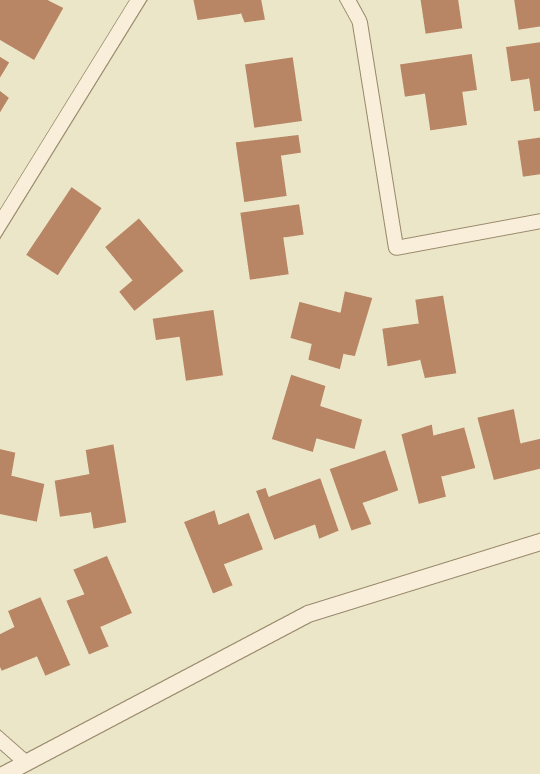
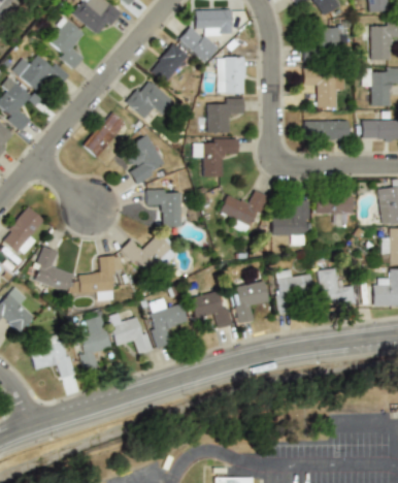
building: none -> [178,27,219,63]
building: none -> [150,43,191,86]
building: none -> [125,77,172,121]
building: none -> [304,121,349,139]
building: none -> [316,195,353,223]
building: [271,374,363,453] -> none
building: none -> [122,233,171,272]
building: none -> [108,315,153,353]

